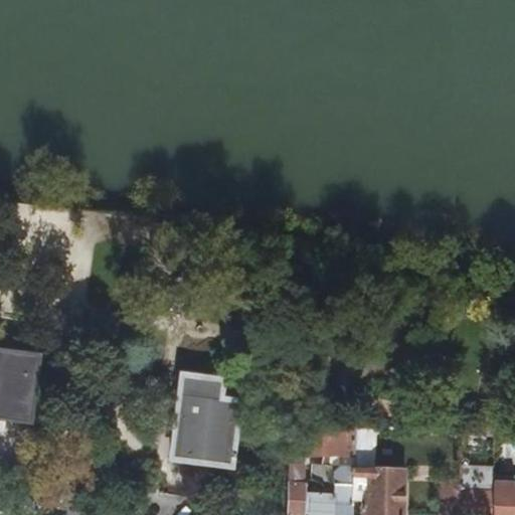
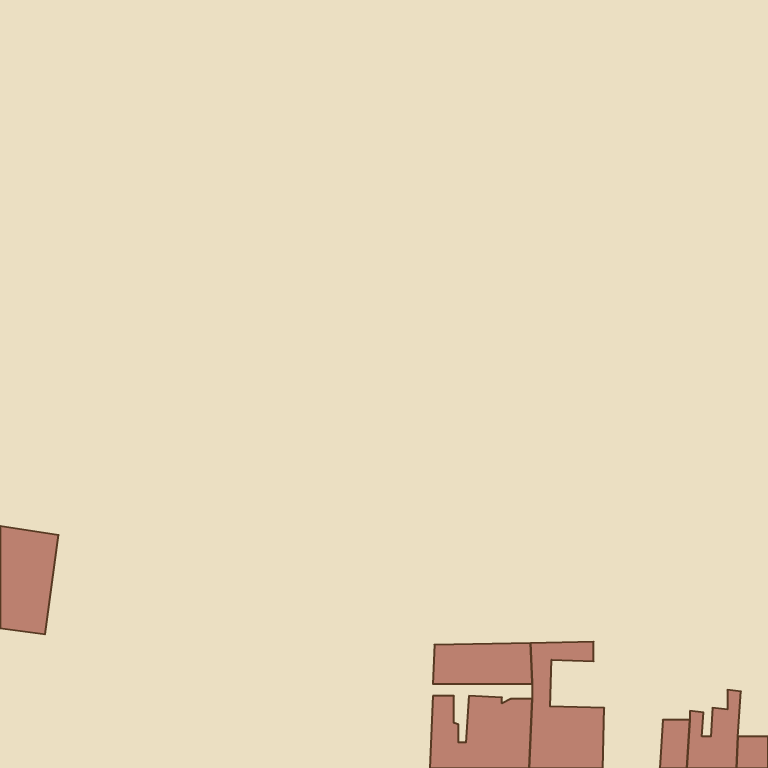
building: [174,377,239,466] -> none

